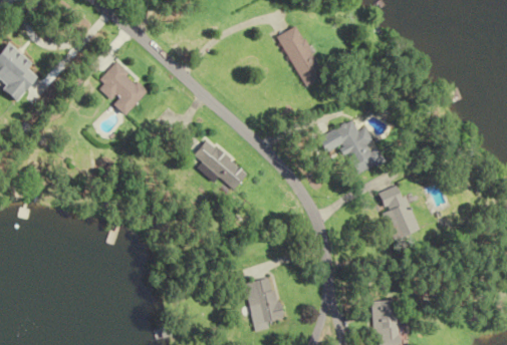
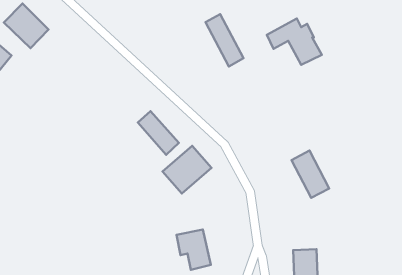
building: [102,62,155,114] -> [4,4,48,48]
building: [315,120,379,175] -> [267,19,322,65]
building: none -> [162,146,212,194]

